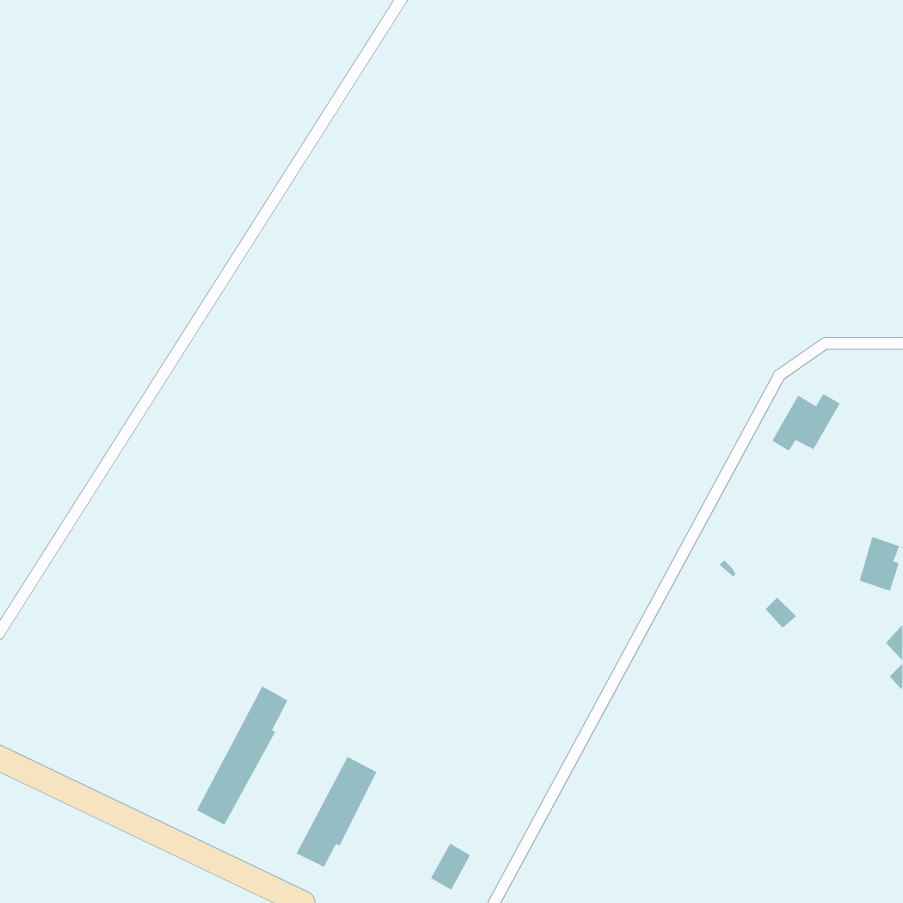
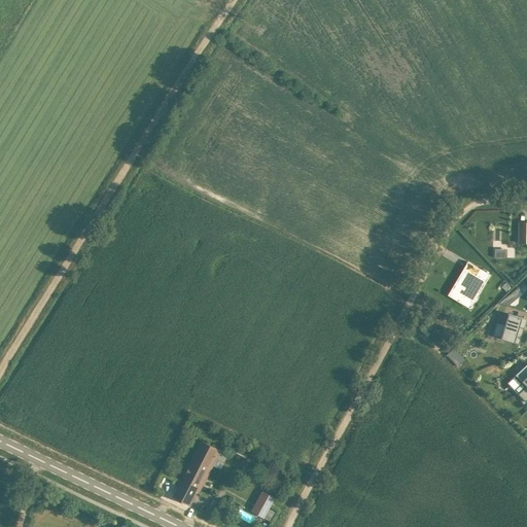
building: [771,393,840,451] -> [449,268,489,302]
building: [196,685,288,826] -> none

